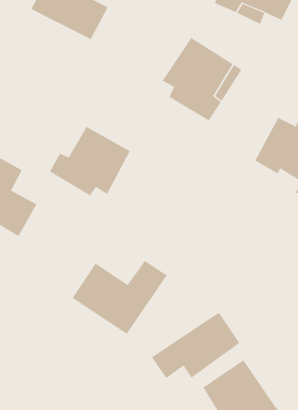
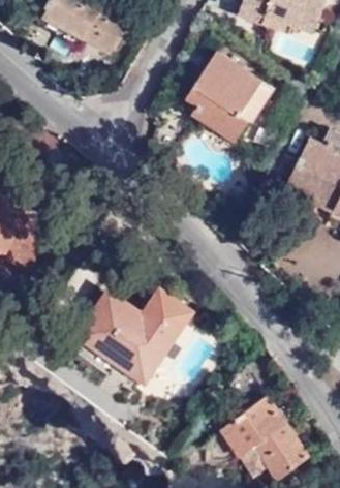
building: [49,126,131,196] -> none
building: [151,312,240,379] -> none

